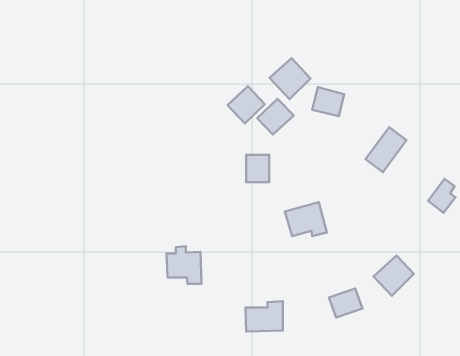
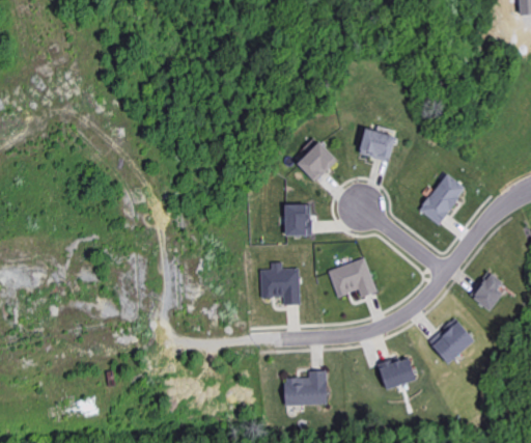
building: [269,58,310,99] -> none
building: [227,86,265,123] -> none
building: [428,179,456,213] -> [472,273,503,311]
building: [167,246,201,284] -> [259,261,299,304]

